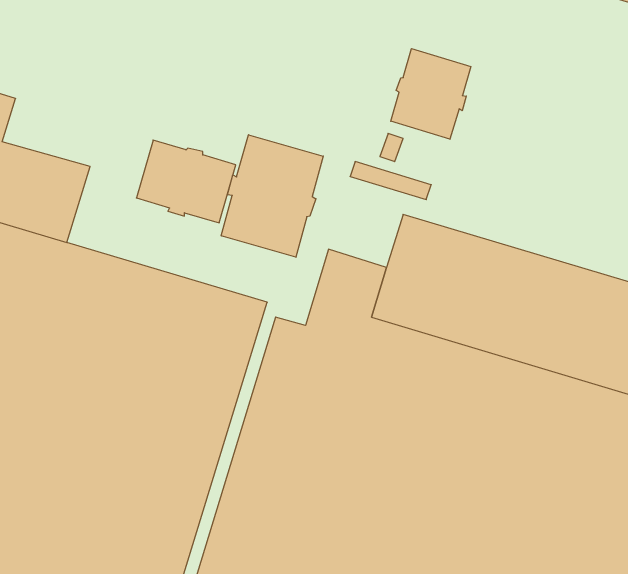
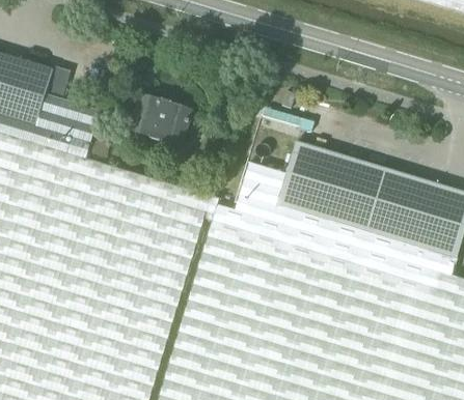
building: [391,49,471,139] -> none
building: [221,135,323,257] -> none

